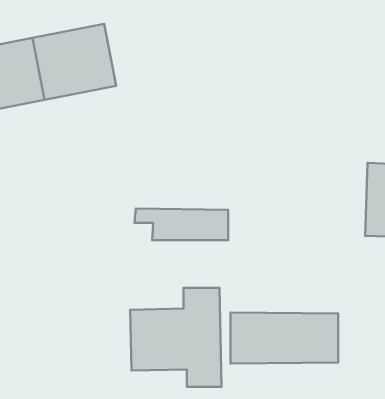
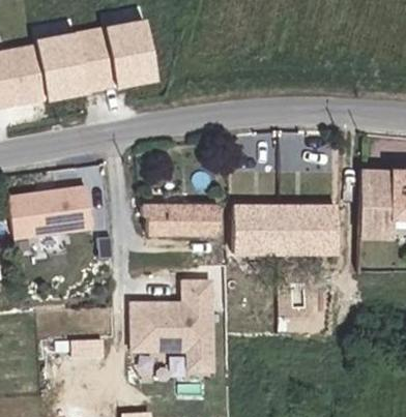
building: none -> [106,22,158,89]
building: none -> [11,186,92,237]
building: [230,312,338,363] -> [228,200,330,248]

